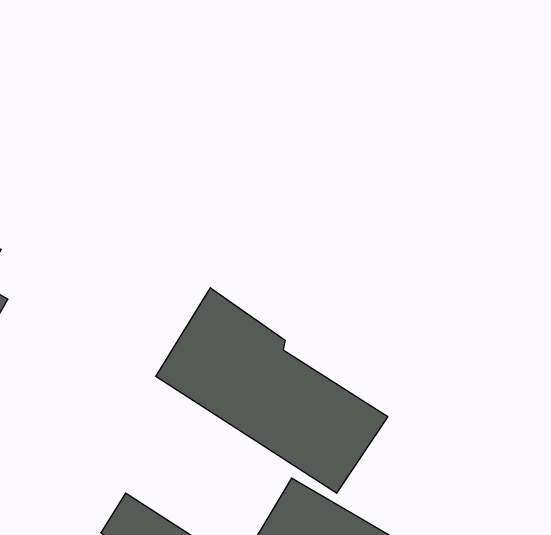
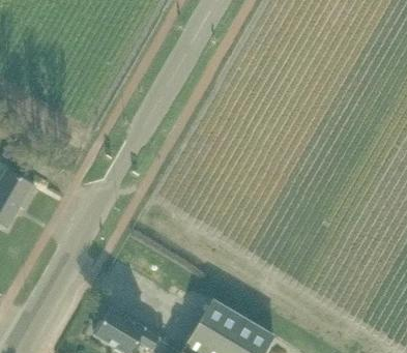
building: [156,288,388,493] -> none

